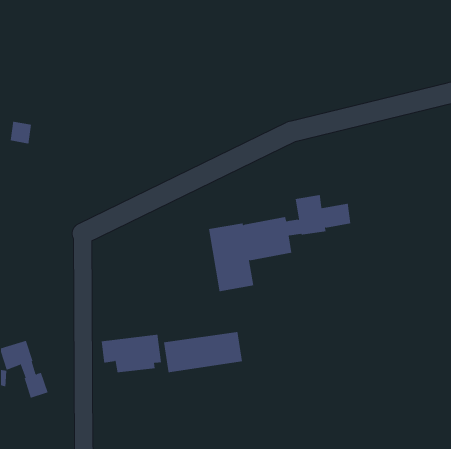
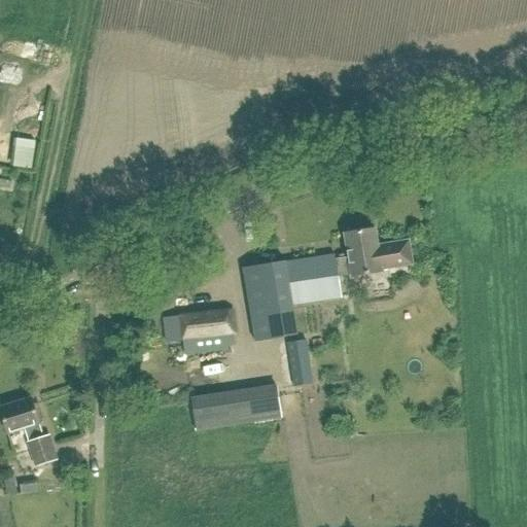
building: none -> [286,339,309,373]
building: [101,334,162,373] -> [163,307,234,352]

